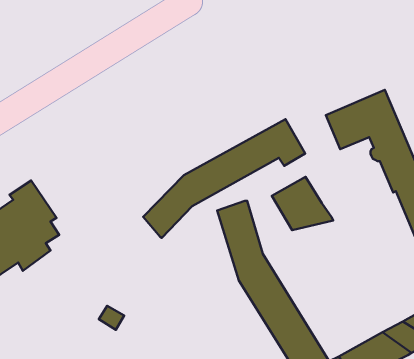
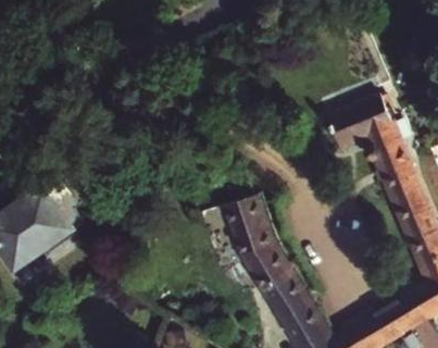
building: [143,119,305,238] -> none
building: [272,177,333,230] -> none

